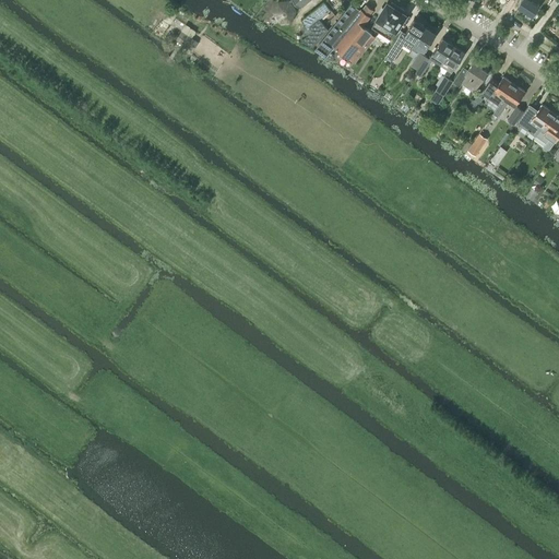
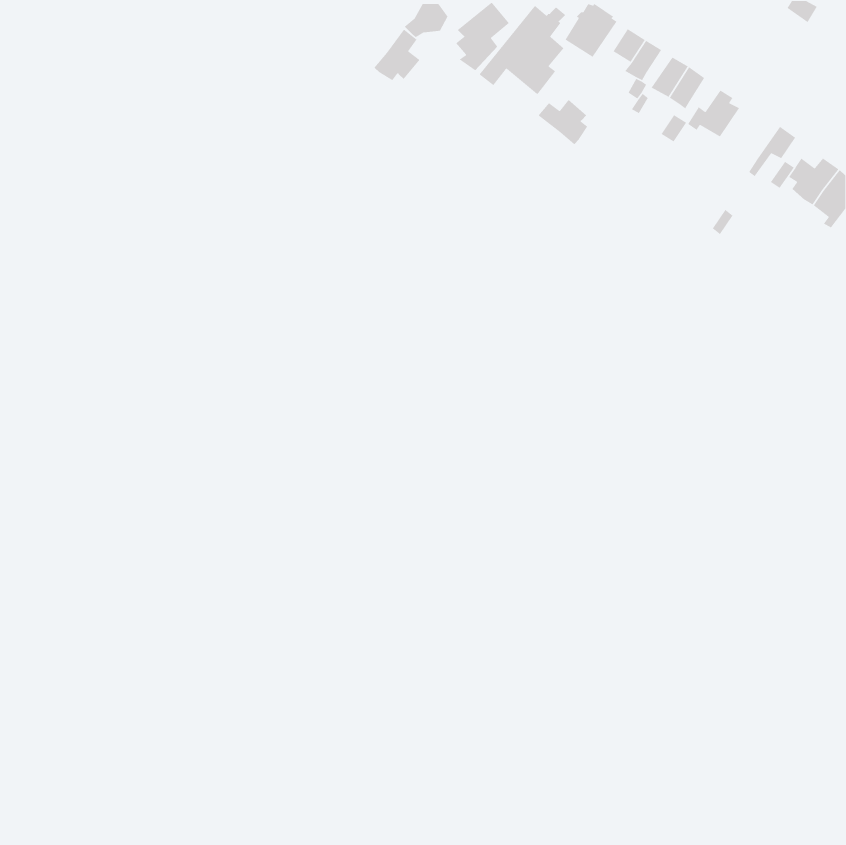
building: none -> [373,29,421,81]
building: none -> [537,99,588,145]
building: [481,76,514,106] -> none

